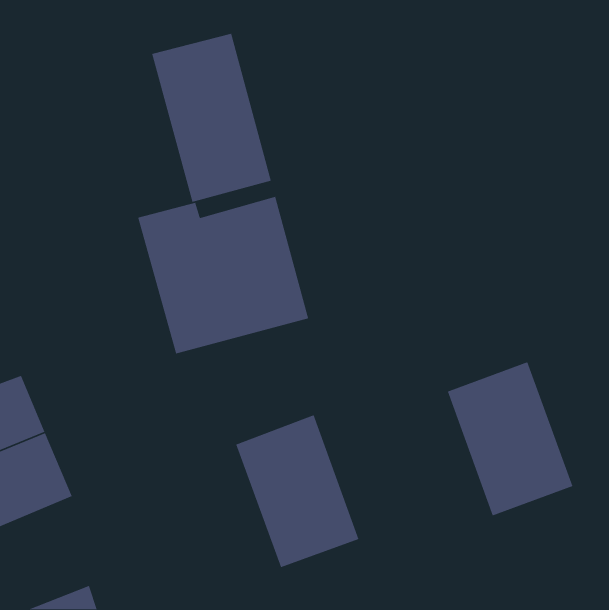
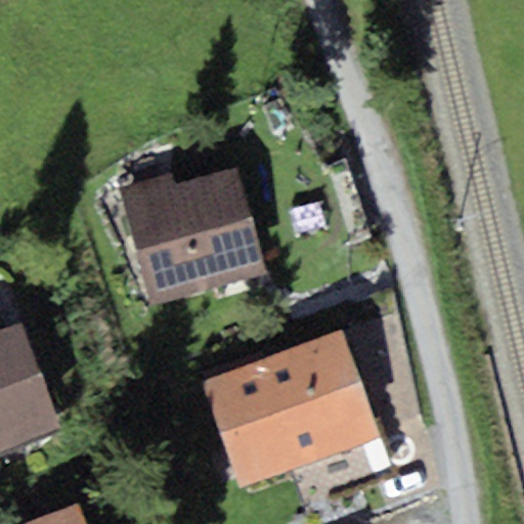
building: [151,33,272,203] -> none
building: [447,361,573,516] -> [269,330,378,463]

